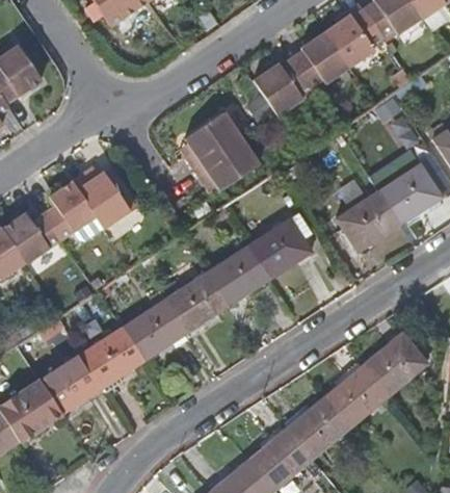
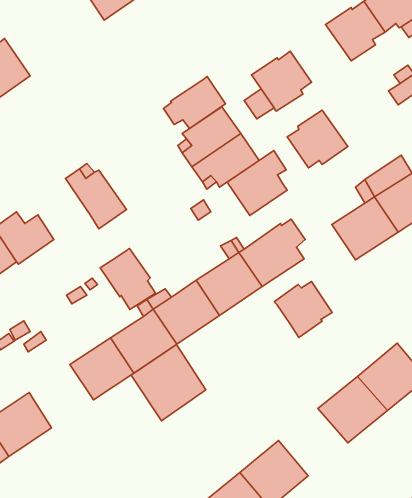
building: [293,26,352,82] -> [287,110,348,168]
building: none -> [163,77,225,129]
building: none -> [227,150,287,216]
building: [48,176,99,235] -> none
building: none -> [100,248,155,310]
building: none -> [275,281,332,337]
building: none -> [131,345,206,421]
building: [39,357,102,418] -> none
building: [282,399,349,465] -> none

